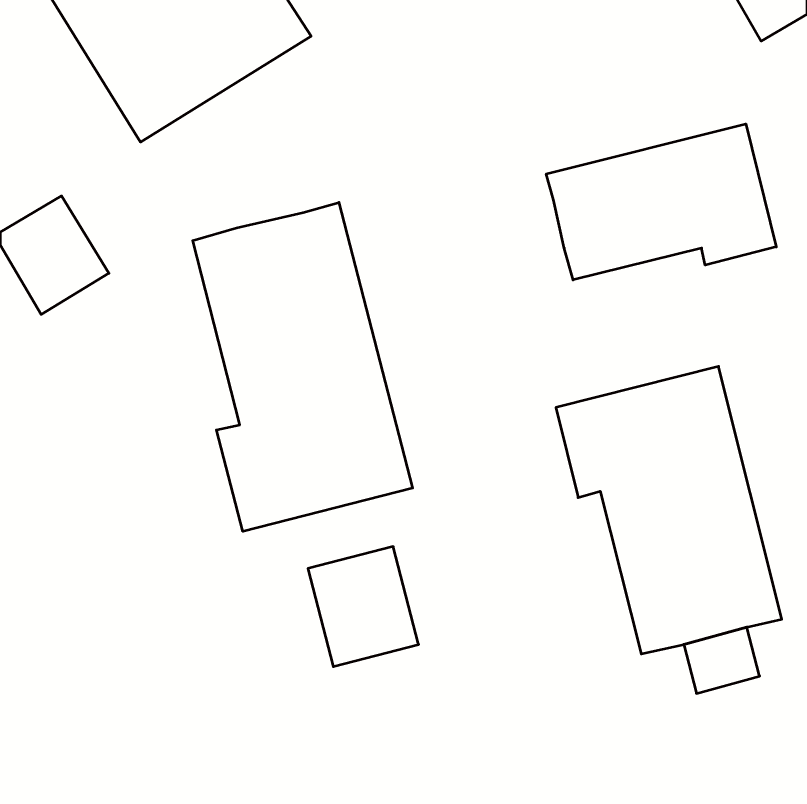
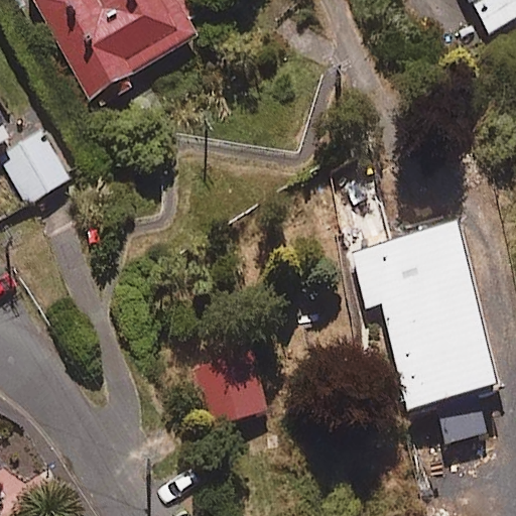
building: [546,124,776,280] -> none
building: [193,202,413,531] -> none

